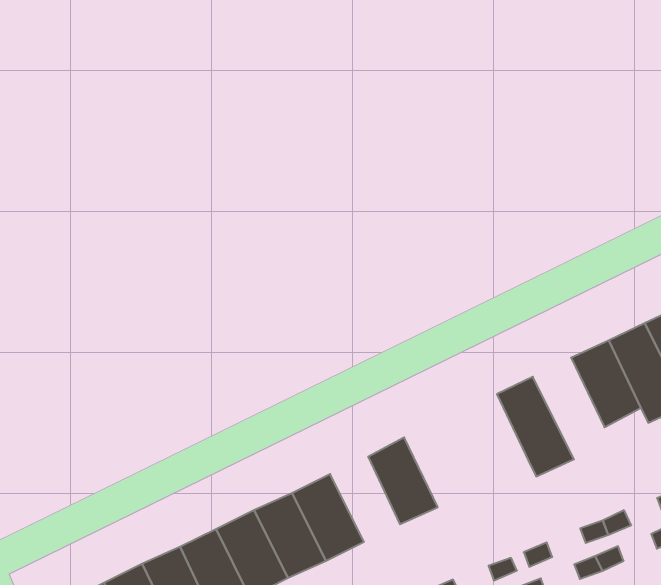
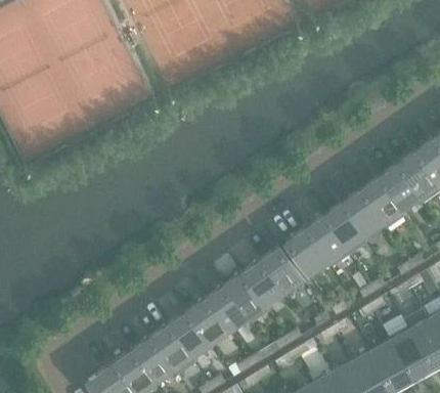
building: none -> [321,205,367,258]
building: none -> [284,230,326,276]
building: none -> [259,248,302,295]
building: none -> [223,274,269,326]

